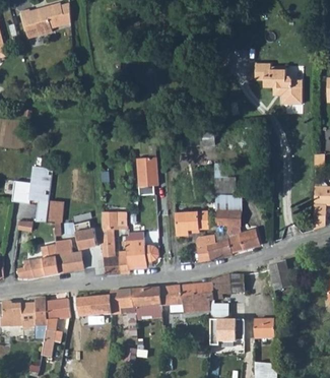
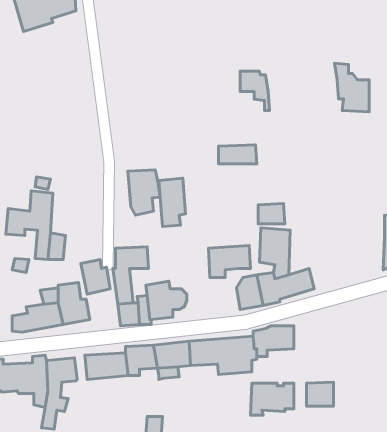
building: [256,62,279,93] -> [240,71,269,111]
building: none -> [128,170,160,215]
building: [268,262,291,291] -> none

